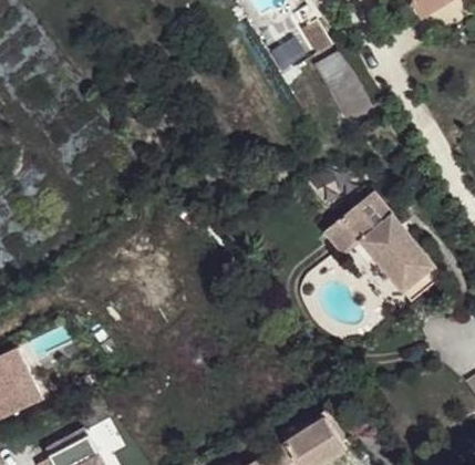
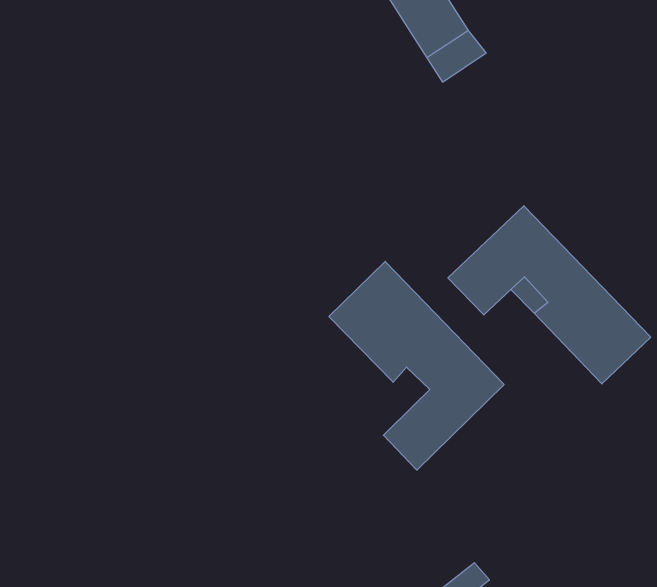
building: none -> [329,261,504,470]

